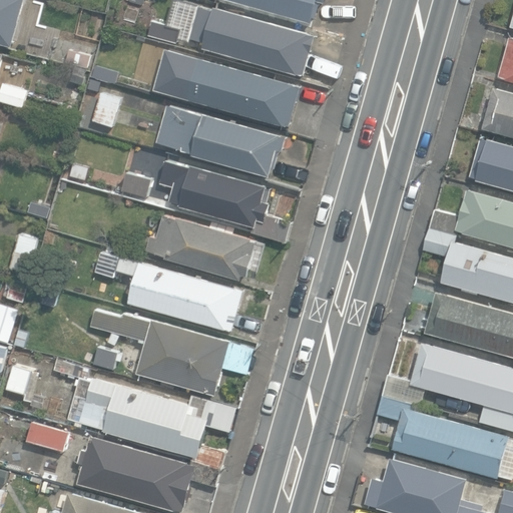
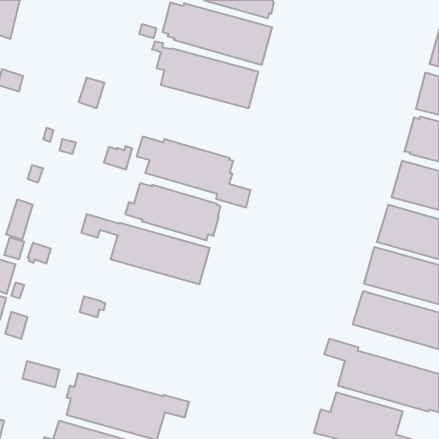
building: [155,106,286,177] -> none
building: [89,310,254,397] -> none
building: [52,360,236,469] -> none

